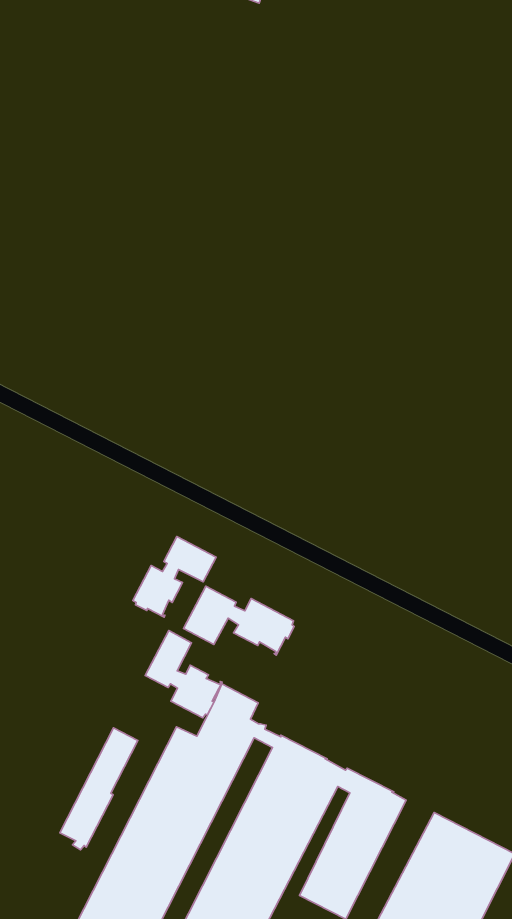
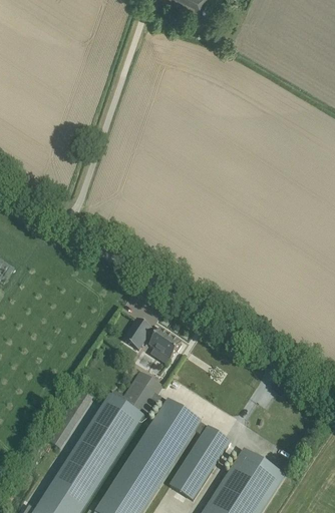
building: [133,536,216,617] -> none
building: [145,631,222,718] -> none

